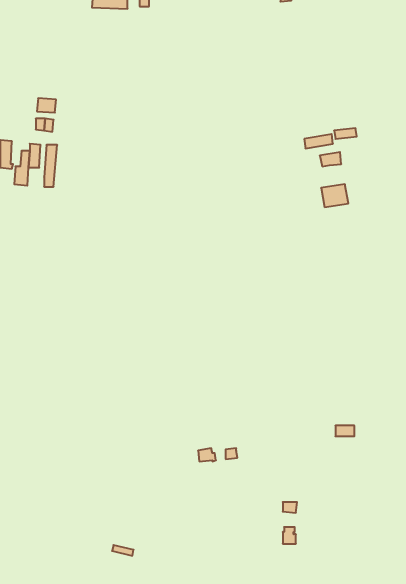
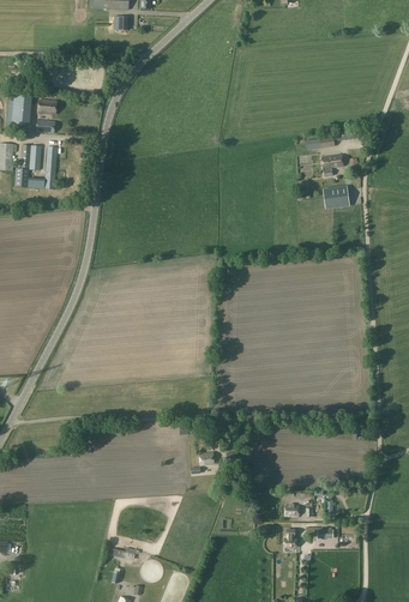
building: none -> [7,95,30,126]

